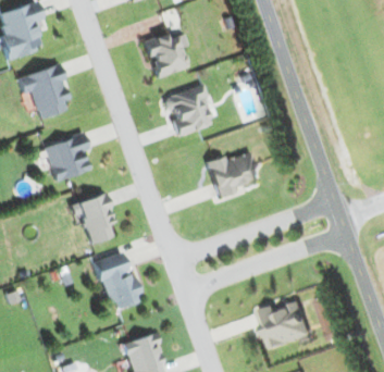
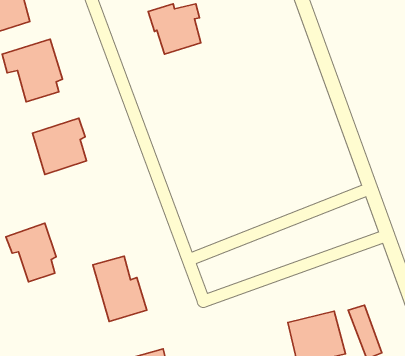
building: [166,85,214,136] -> none
building: [207,151,261,198] -> none
building: [71,193,114,244] -> [6,223,56,282]

